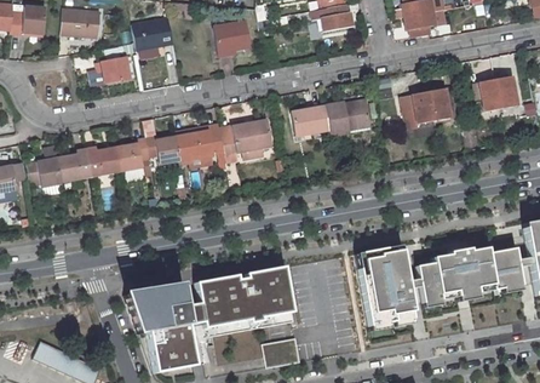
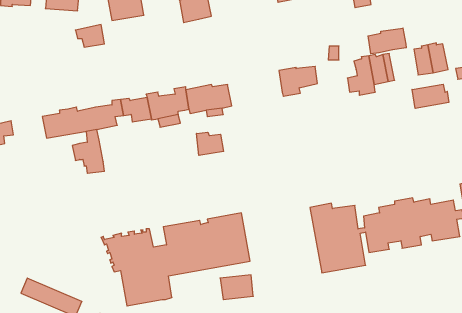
building: none -> [368,28,406,54]
building: [292,105,329,135] -> none
building: none -> [412,84,449,108]
building: [28,145,64,195] -> [72,129,104,173]
building: none -> [197,132,224,155]

